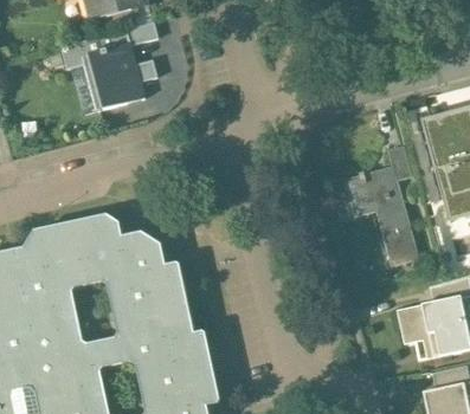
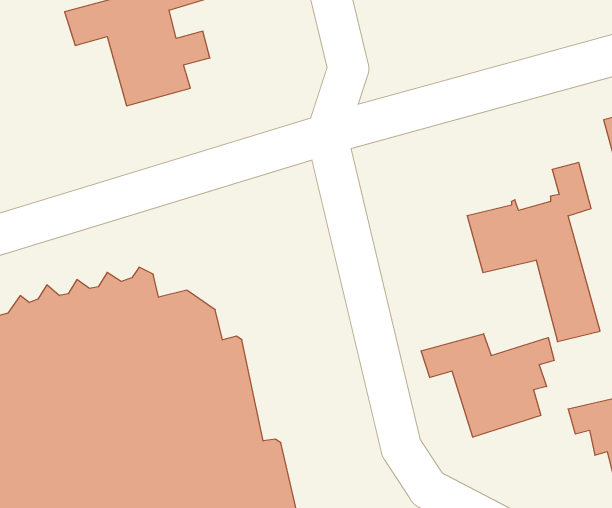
building: none -> [421,334,554,437]

